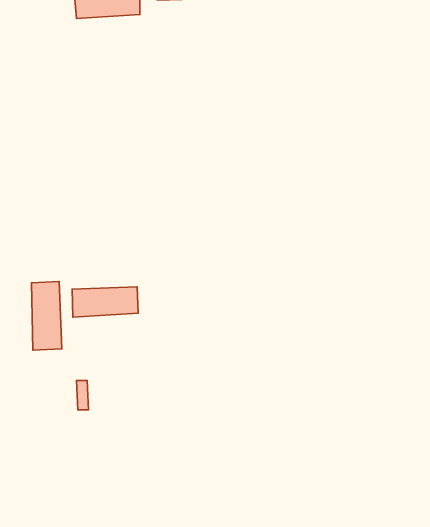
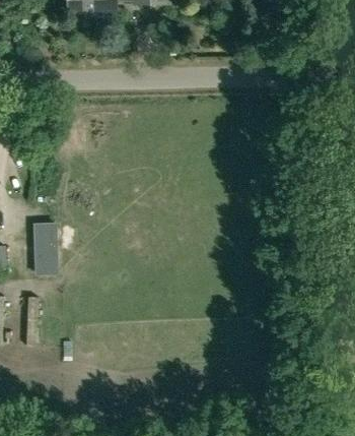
building: [72,287,138,317] -> none

